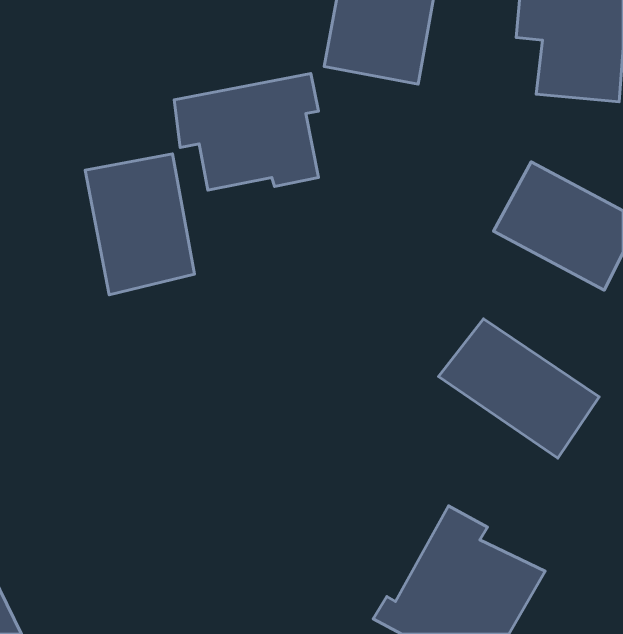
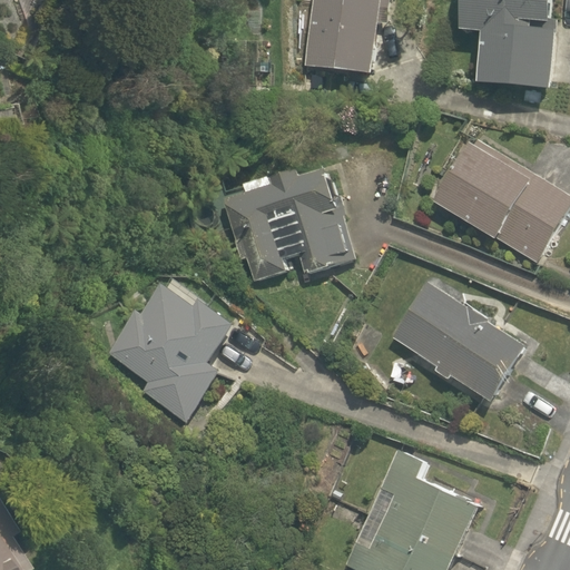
building: [174,73,318,190] -> [213,169,341,273]
building: [85,154,195,295] -> none
building: none -> [99,269,242,426]

